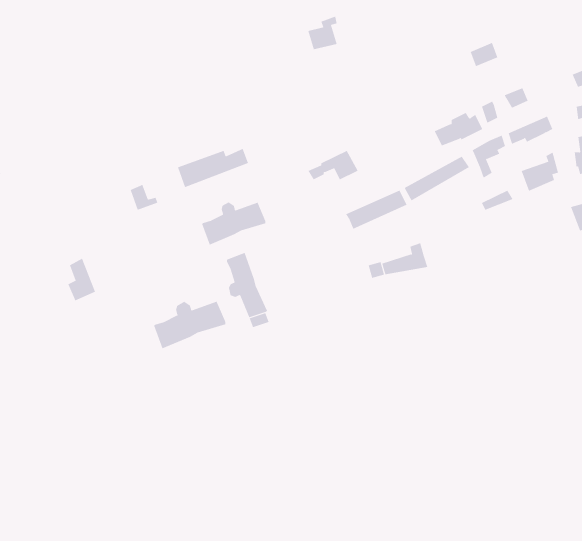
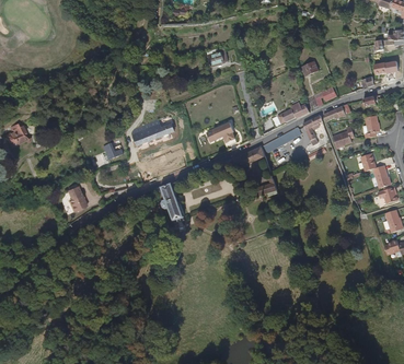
building: [201,202,266,246] -> none
building: [153,301,226,349] -> none

